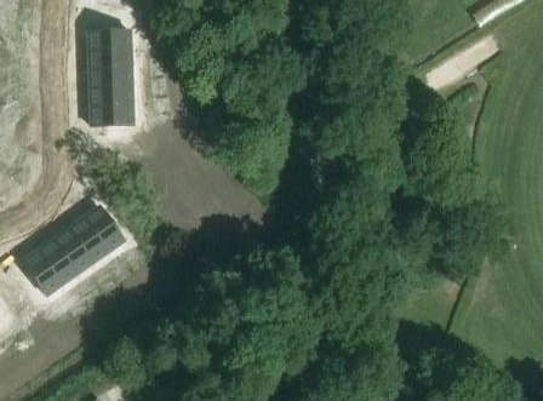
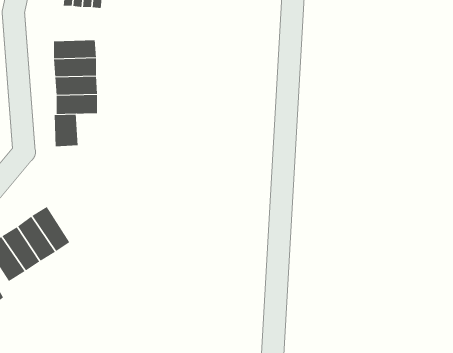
building: [87,31,131,52] -> none
building: none -> [54,114,78,147]
building: [82,207,122,254] -> none

